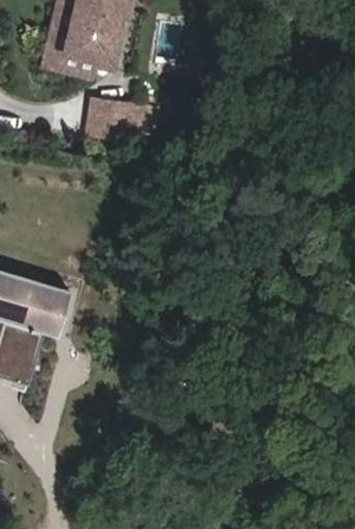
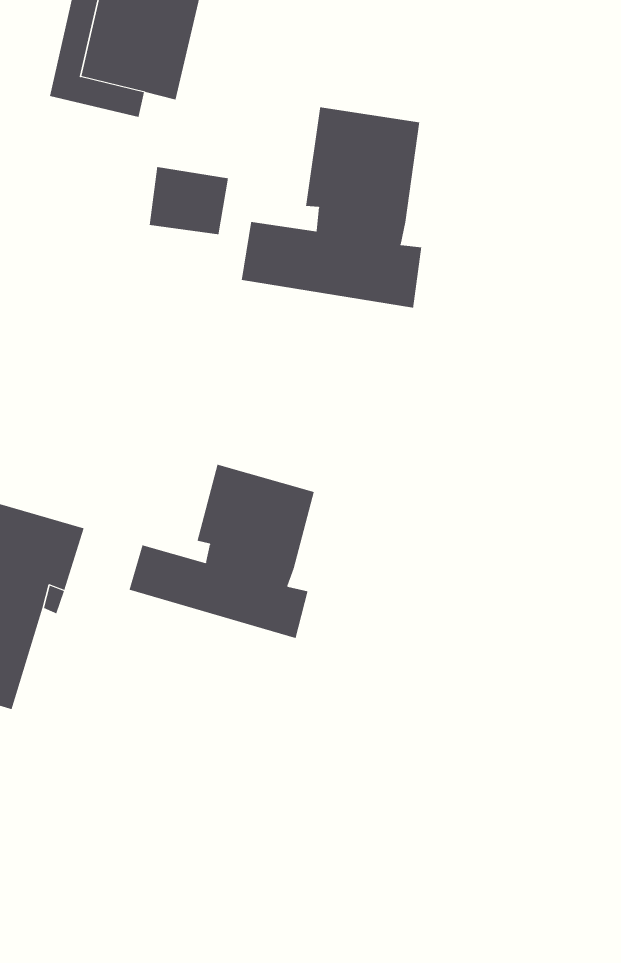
building: none -> [241,106,422,308]
building: none -> [129,464,314,639]

